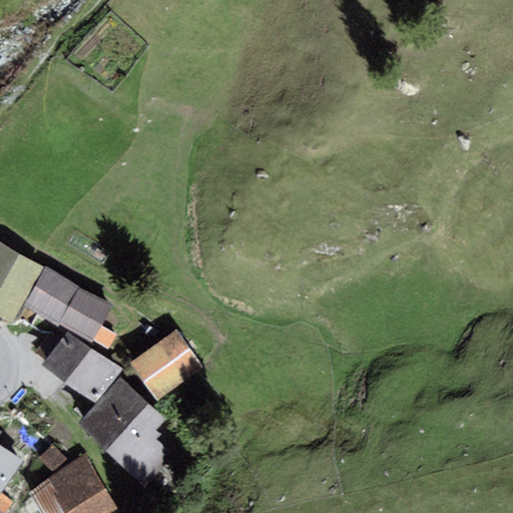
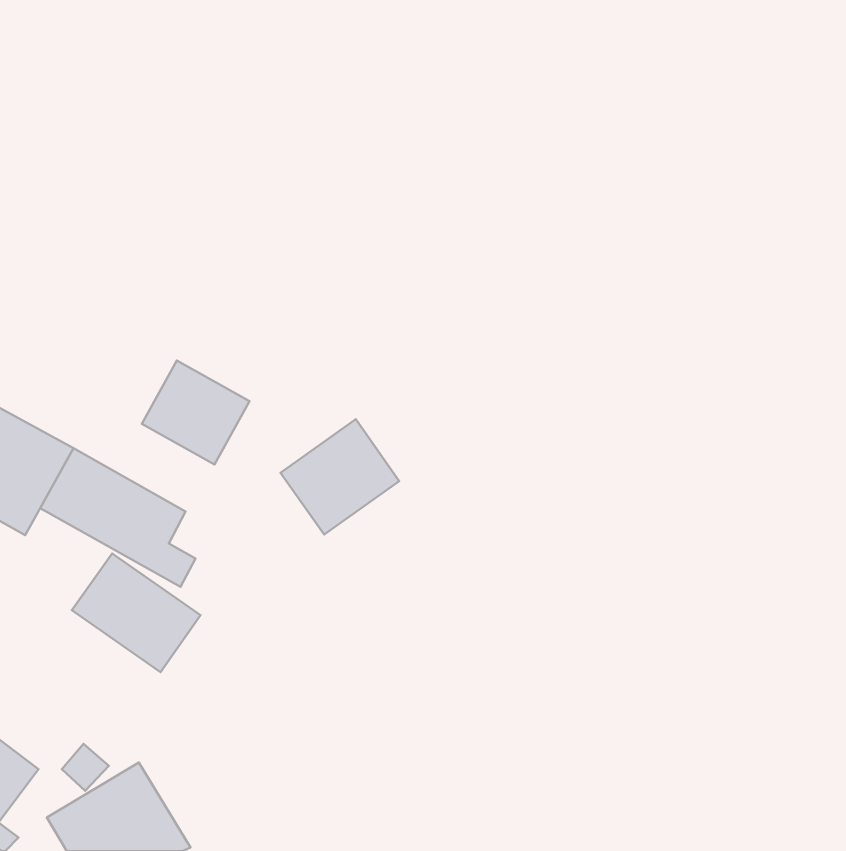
building: none -> [142,361,249,464]
building: [130,332,201,401] -> [281,419,399,535]
building: [78,378,171,485] -> none

